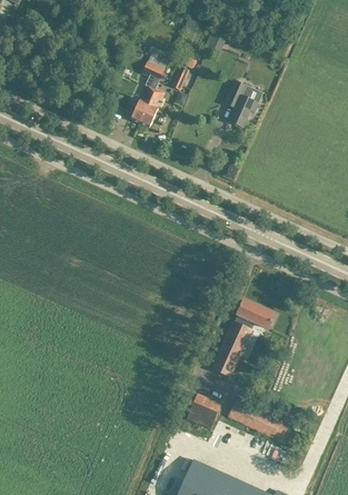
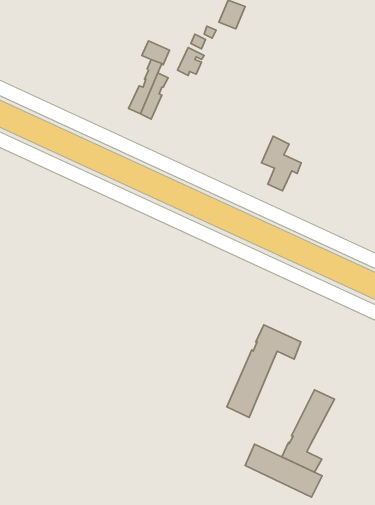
building: [225,80,258,126] -> [261,136,301,191]
building: none -> [282,390,335,472]
building: [186,394,221,429] -> none

